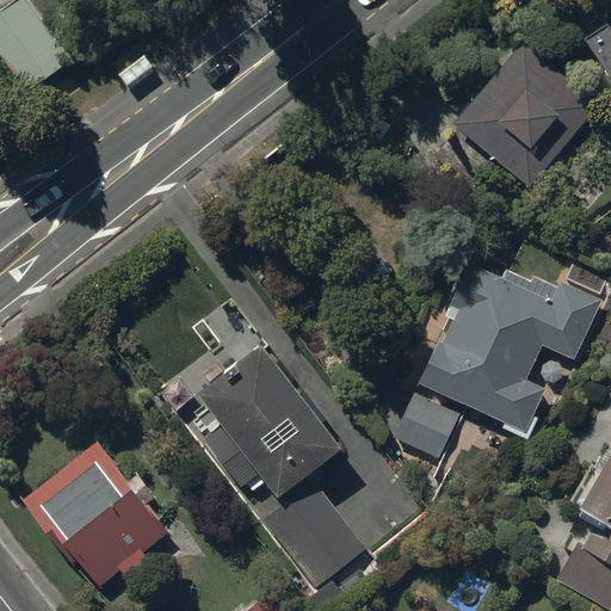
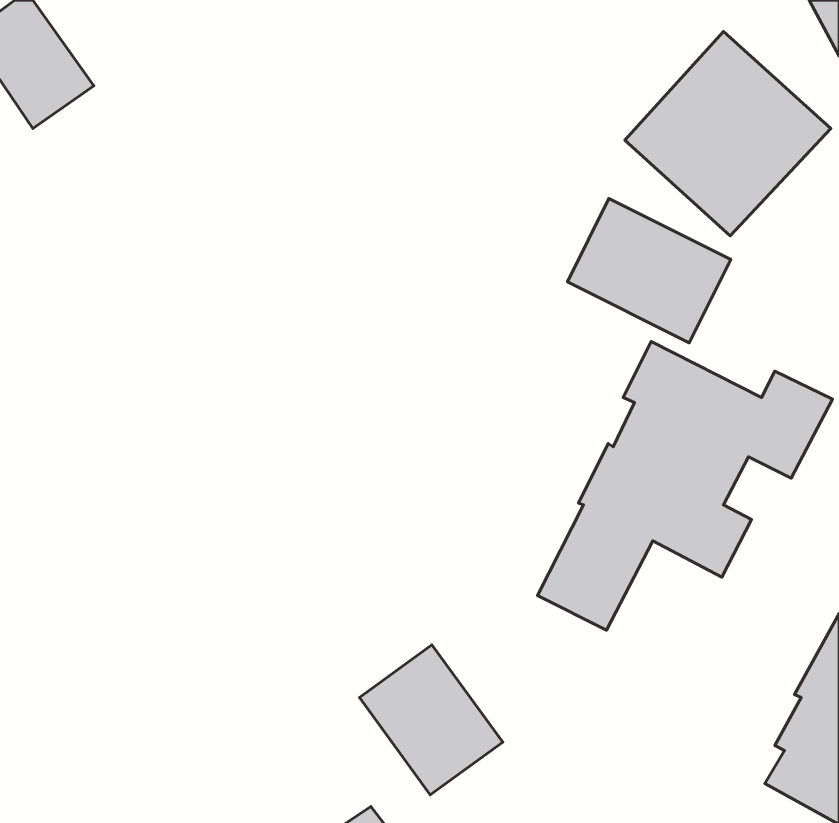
building: none -> [567,199,731,343]
building: [200,337,342,487] -> none
building: [24,443,169,591] -> none

